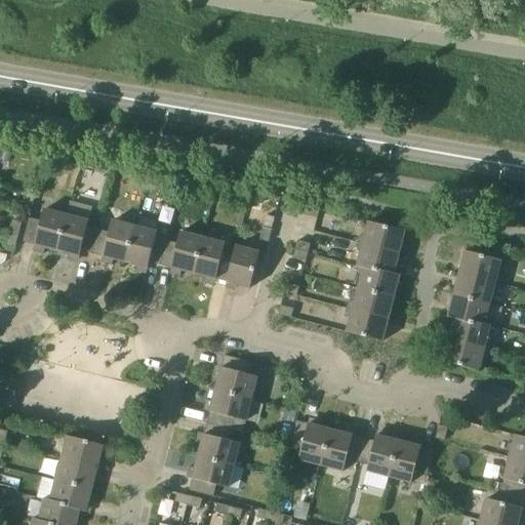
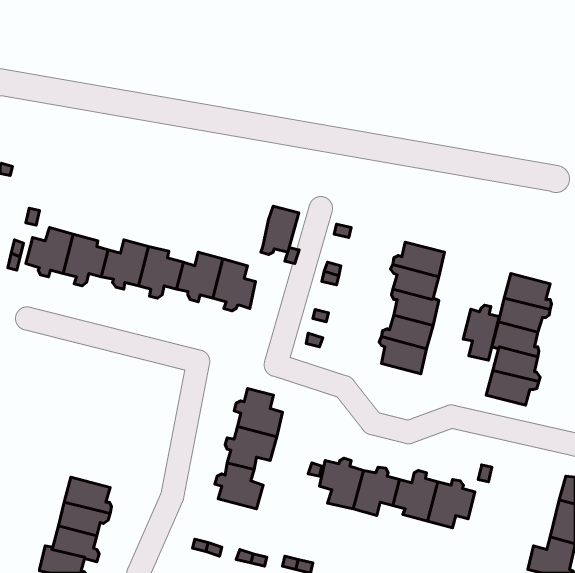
building: [226,244,260,288] -> [261,206,299,254]
building: none -> [463,305,499,360]
building: [188,454,234,495] -> none

